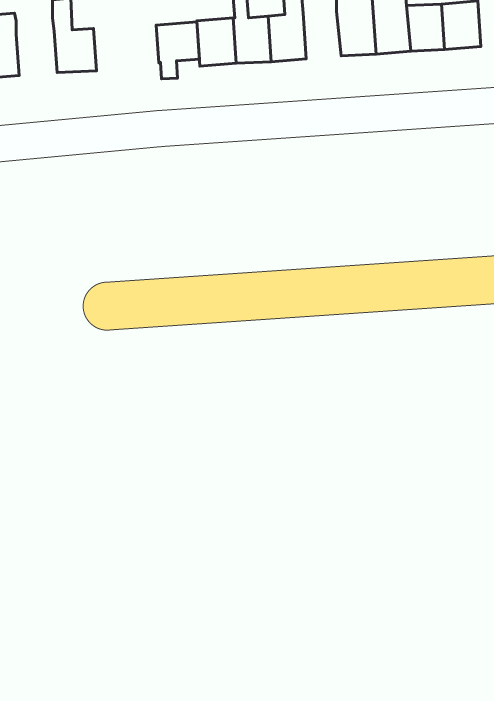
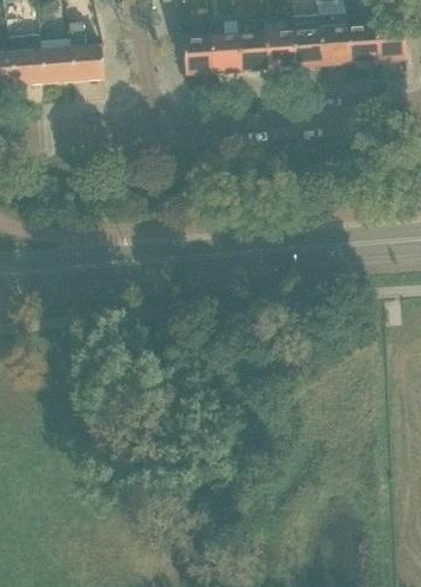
building: none -> [266,32,296,69]
building: none -> [41,37,73,82]
building: [156,22,199,79] -> none

